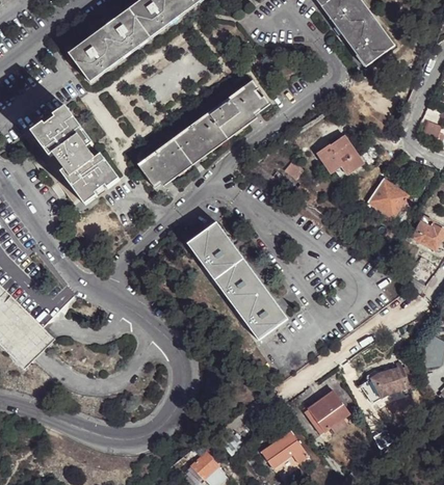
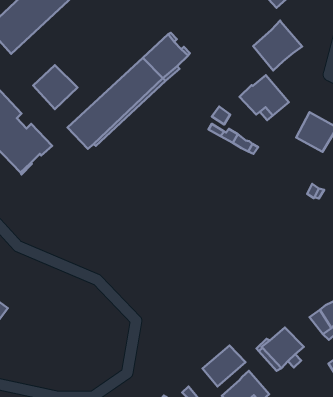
building: none -> [253,21,302,70]
building: none -> [33,65,78,109]
building: [183,222,285,340] -> none
building: none -> [202,345,246,387]

